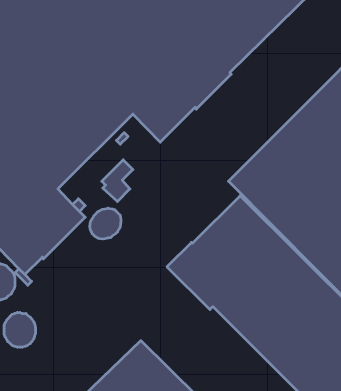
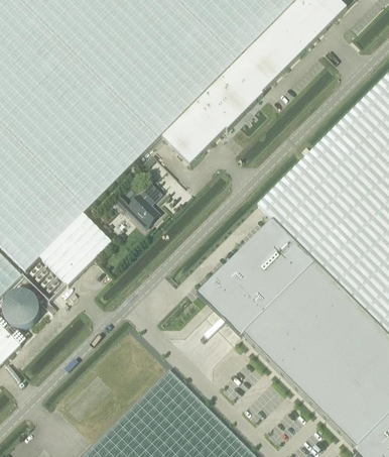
building: [90,208,121,239] -> none
building: [4,312,35,347] -> none

